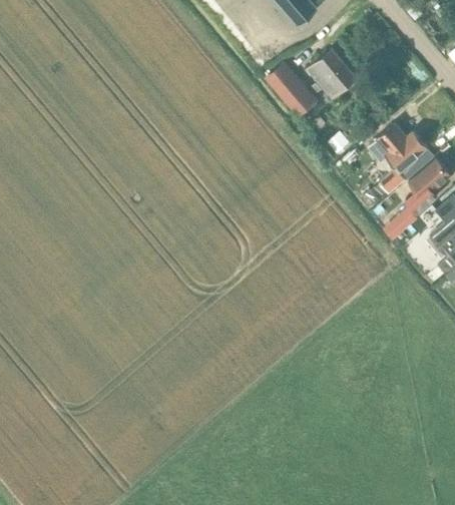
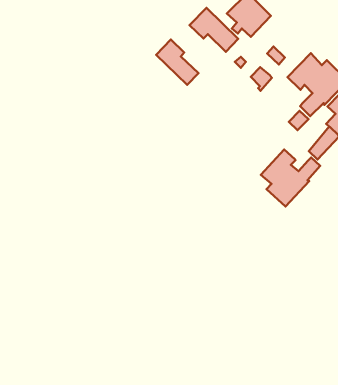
building: none -> [156,39,198,85]
building: none -> [261,149,320,206]

